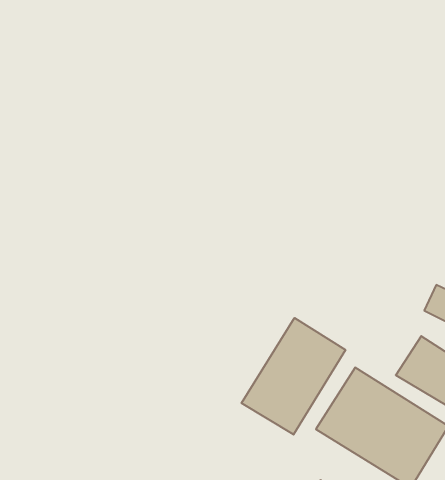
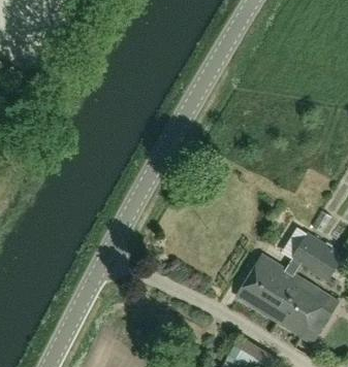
building: [242,318,345,435] -> none

